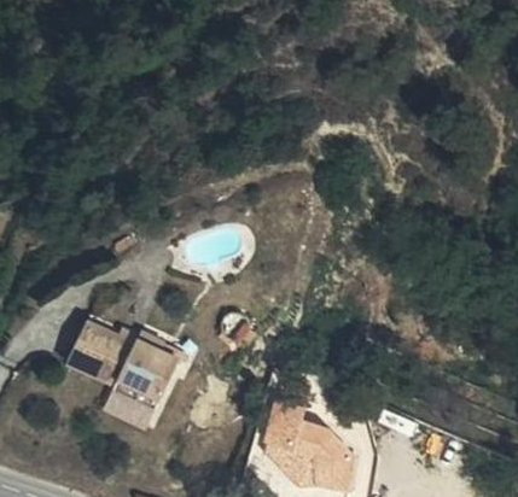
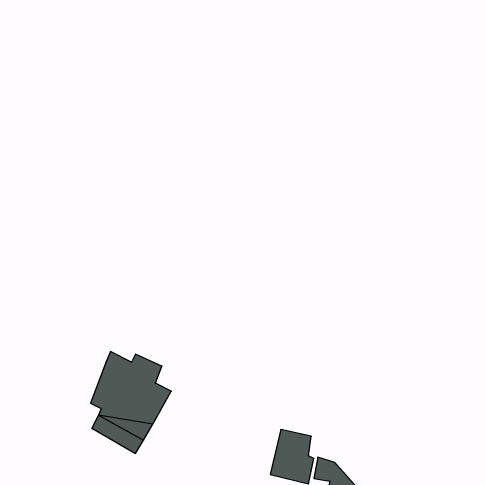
building: [66,324,118,378] -> none

